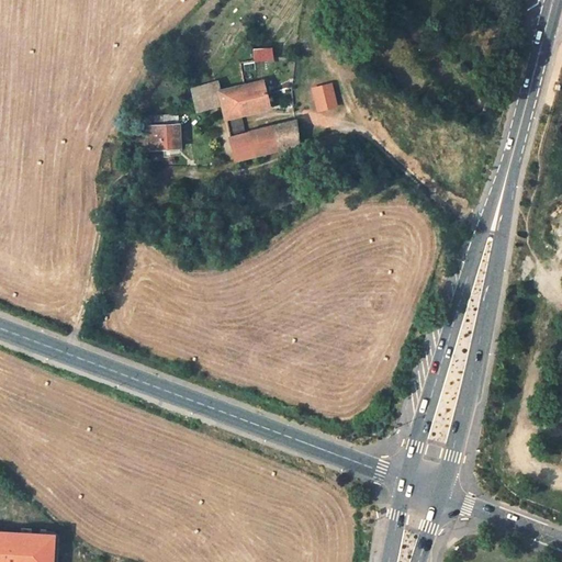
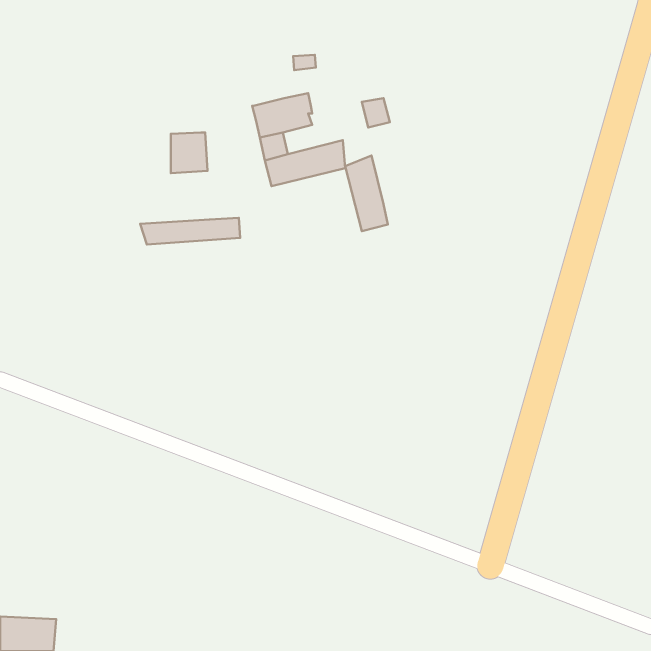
building: [191,81,221,111] -> none
building: none -> [345,155,388,231]
building: none -> [140,218,240,244]

